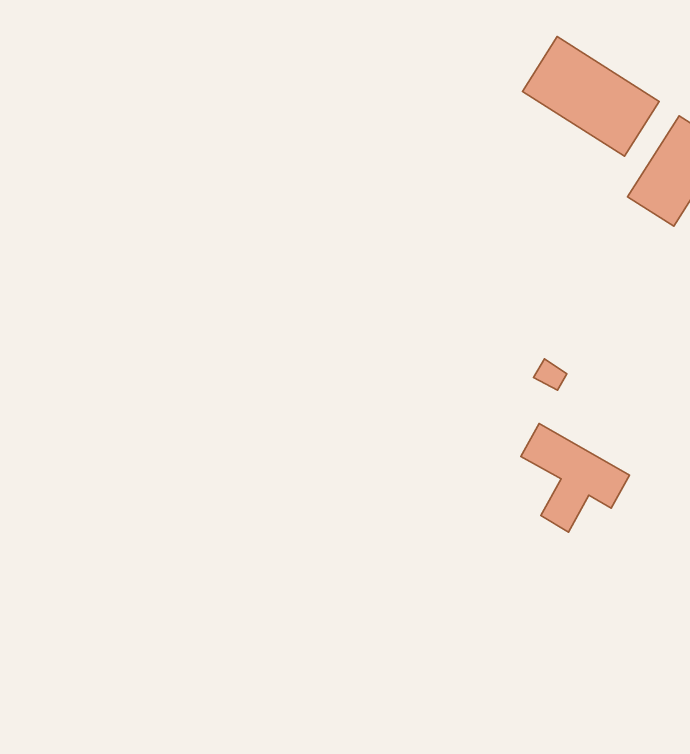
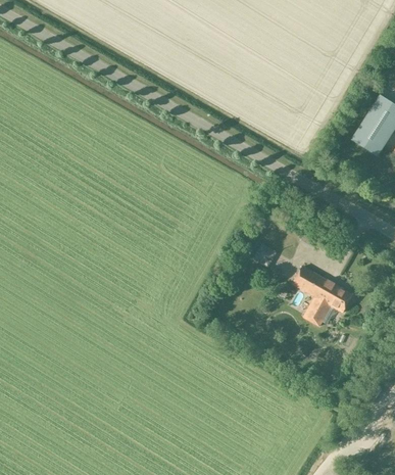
building: [522,37,659,156] -> none

